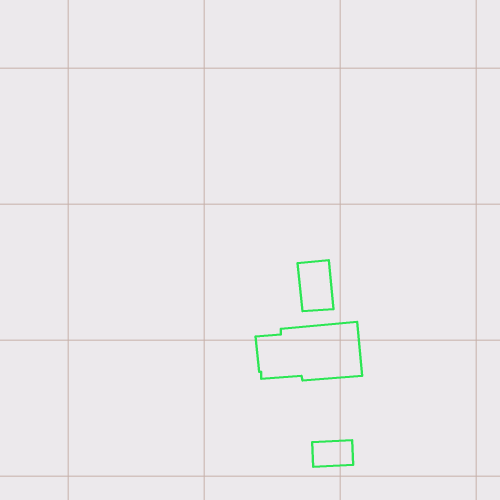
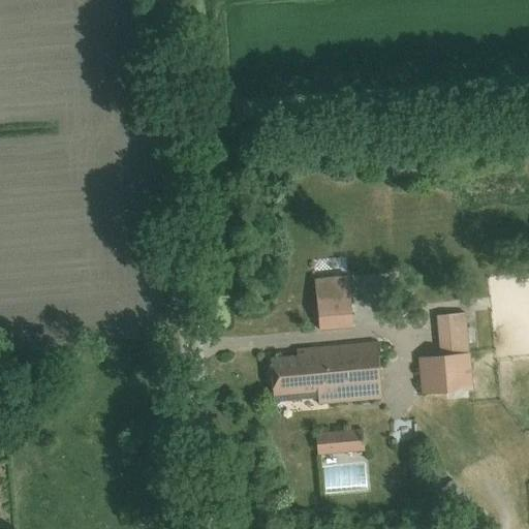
building: none -> [418,312,472,394]
building: none -> [314,429,364,454]

